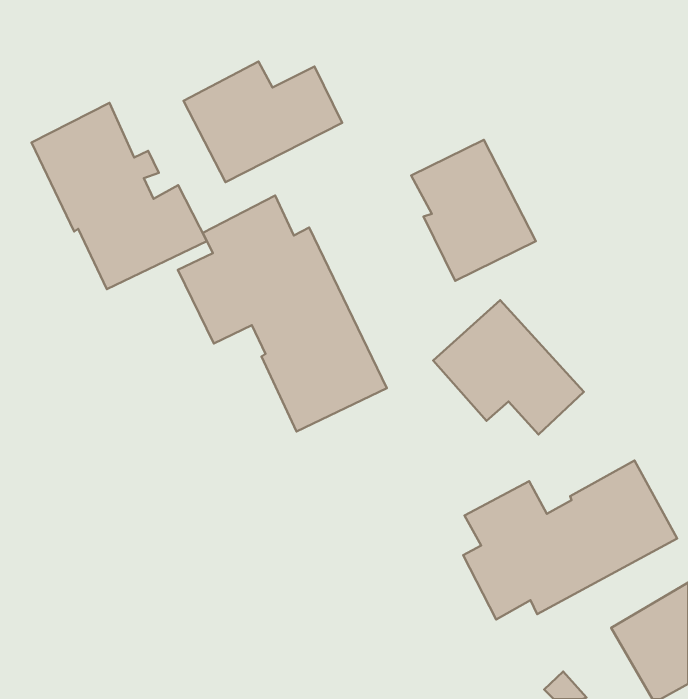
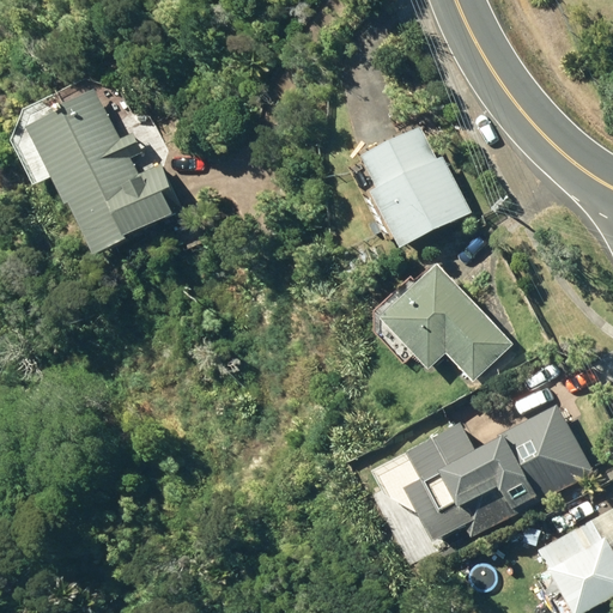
building: [184,62,342,182] -> none
building: [178,196,387,431] -> none

